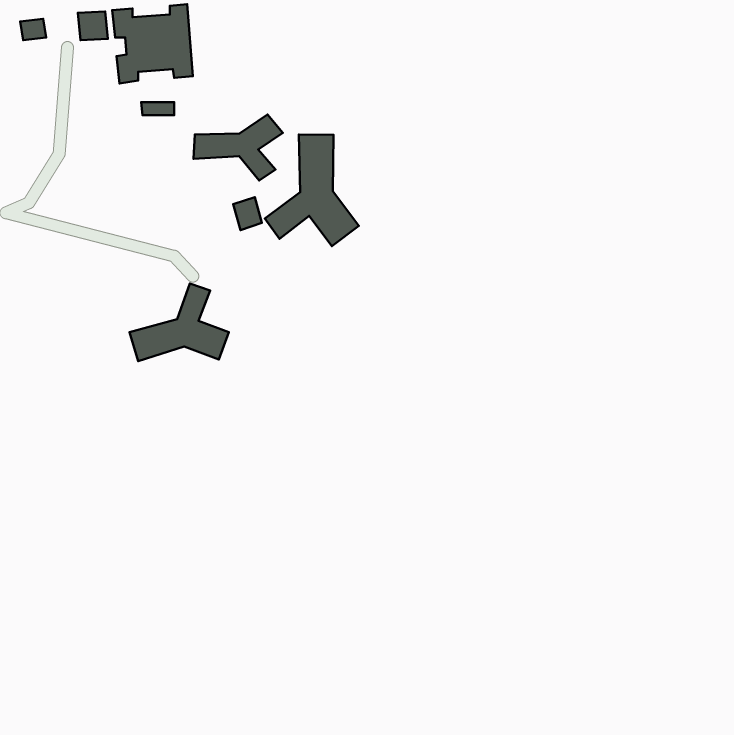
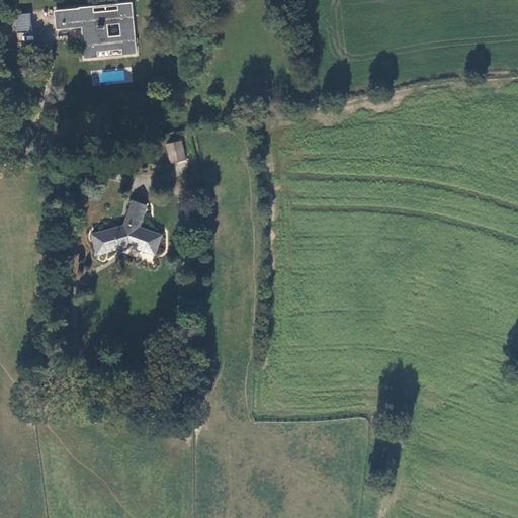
building: [194,114,283,180] -> none
building: [265,135,359,246] -> none

